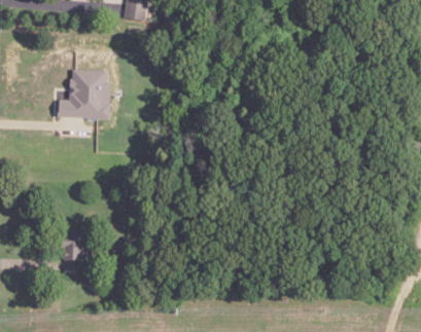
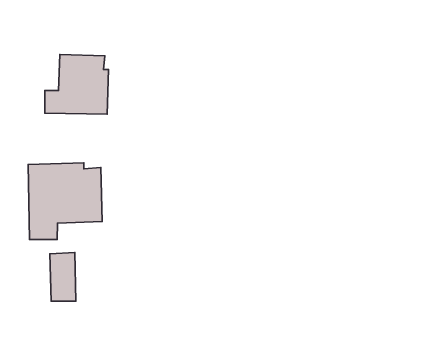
building: none -> [28,163,102,240]

